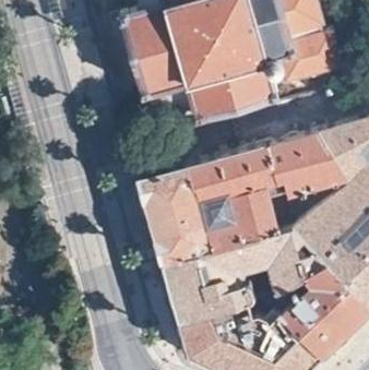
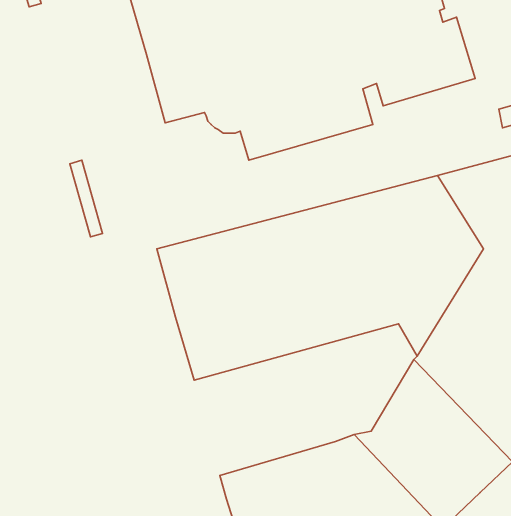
building: [162,227,305,324] -> none

